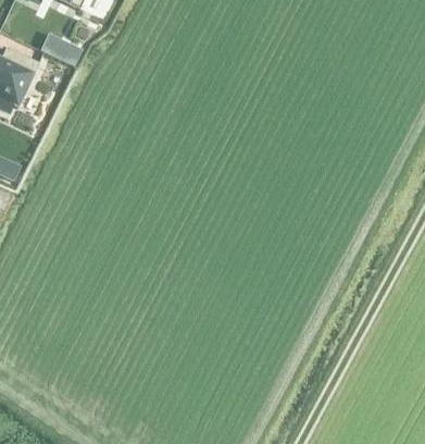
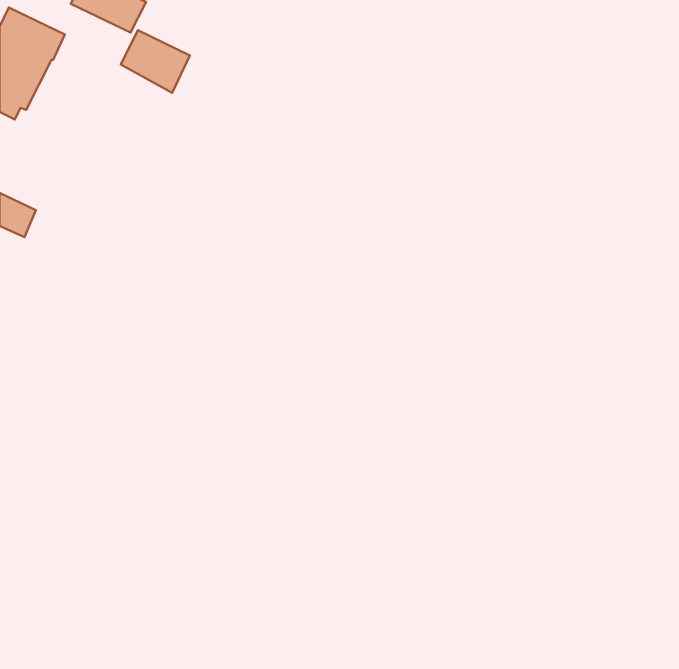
building: none -> [121,30,190,93]

